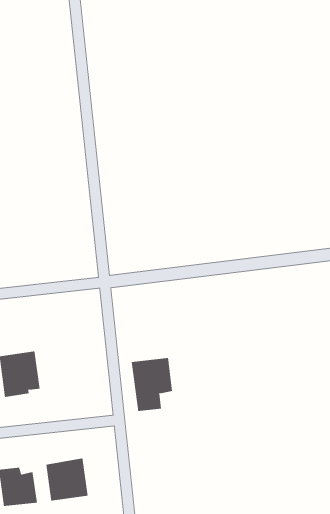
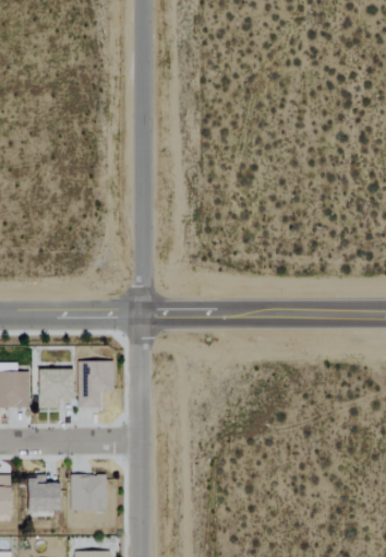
building: [131,358,173,411] -> [77,360,113,407]

